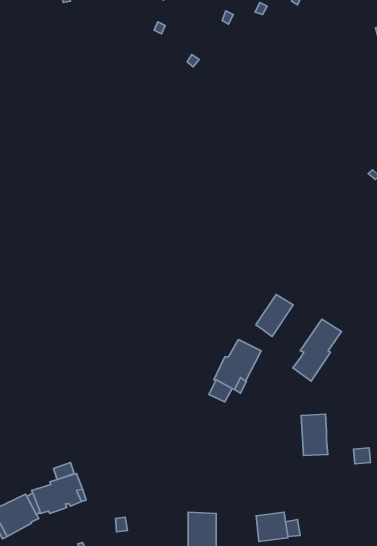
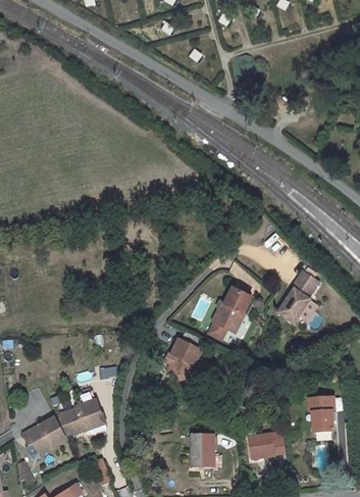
building: [256,295,293,336] -> none
building: none -> [164,331,207,382]
building: [301,414,328,456] -> [311,397,333,432]

